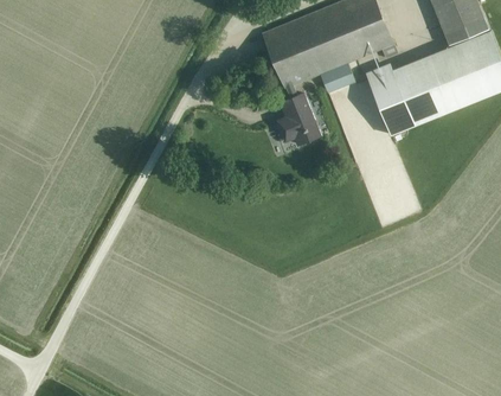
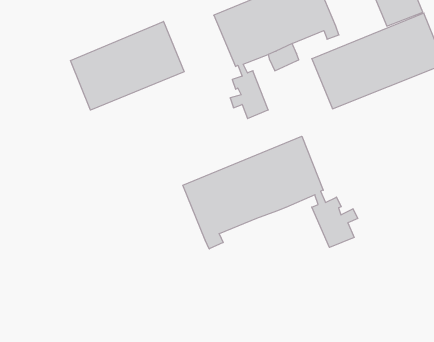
building: none -> [70,21,184,110]
building: none -> [183,136,358,249]

